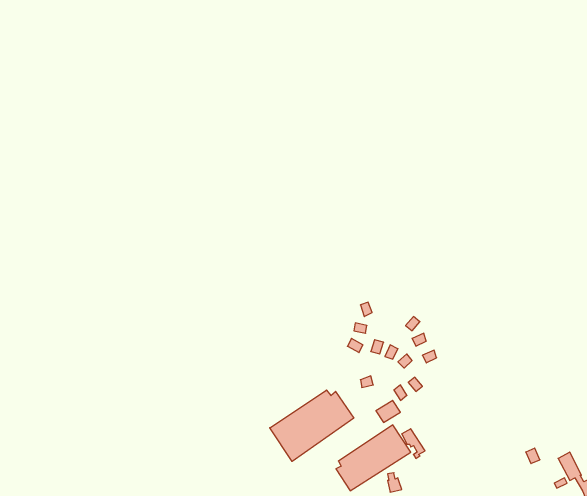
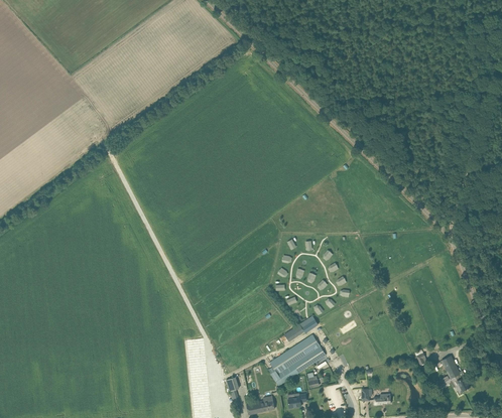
building: [270,390,354,461] -> none

